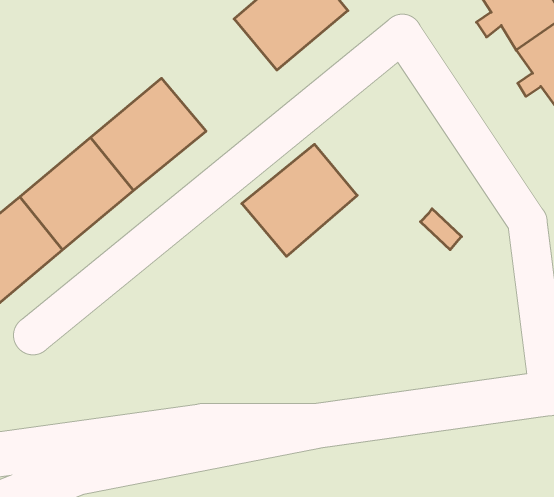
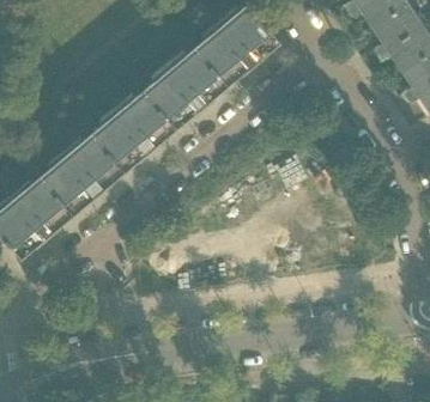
building: [242,144,357,256] -> [144,47,228,128]

